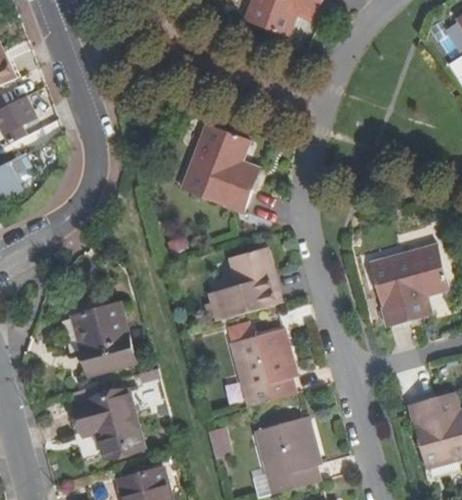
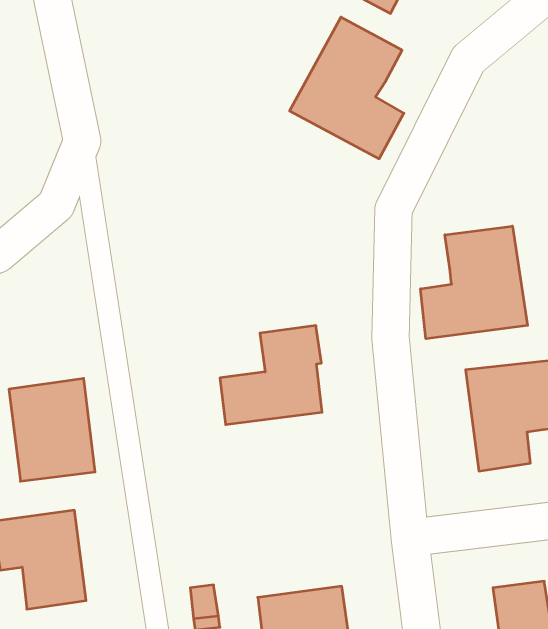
building: [181,123,256,212] -> [290,17,404,159]
building: none -> [421,226,528,339]
building: [230,328,295,407] -> none

